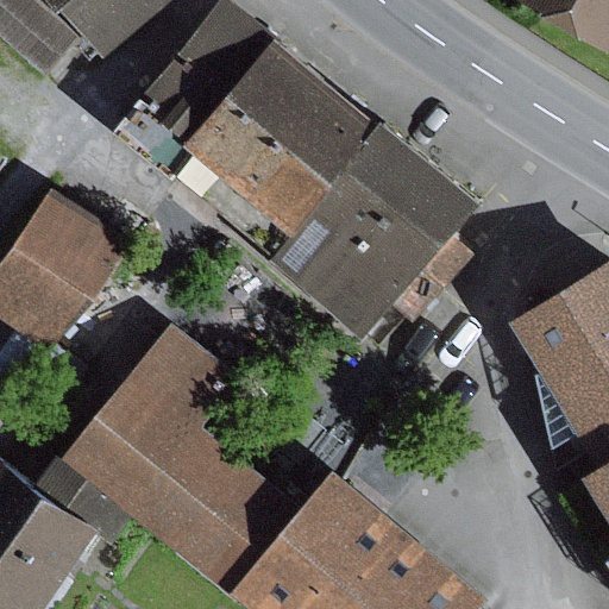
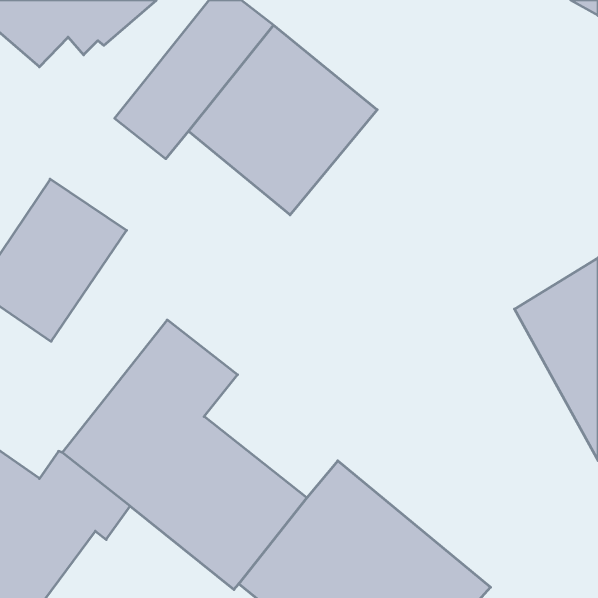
building: [264,121,472,338] -> none

